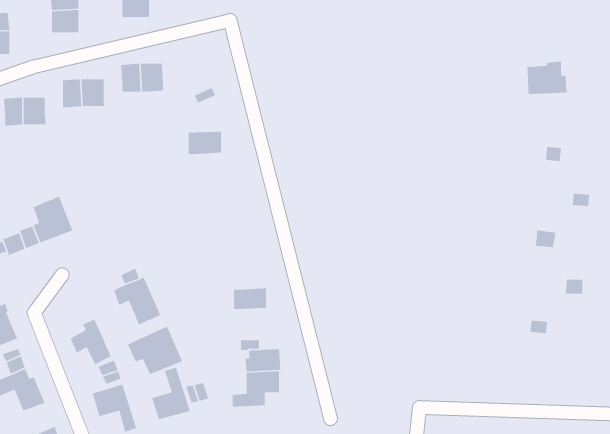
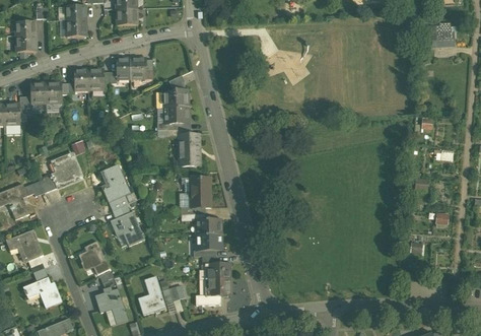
building: [526,61,567,95] -> [424,21,454,46]
building: none -> [162,88,188,107]
building: none -> [178,134,199,165]
building: none -> [102,162,130,202]
building: none -> [189,176,210,207]
building: none -> [196,233,220,250]
building: [127,326,183,375] -> none

